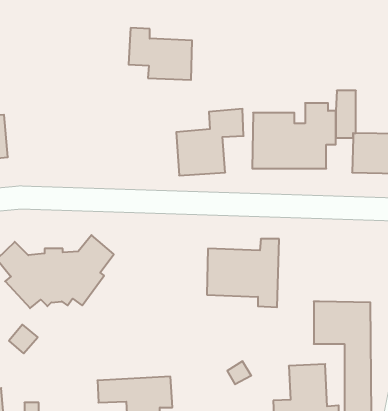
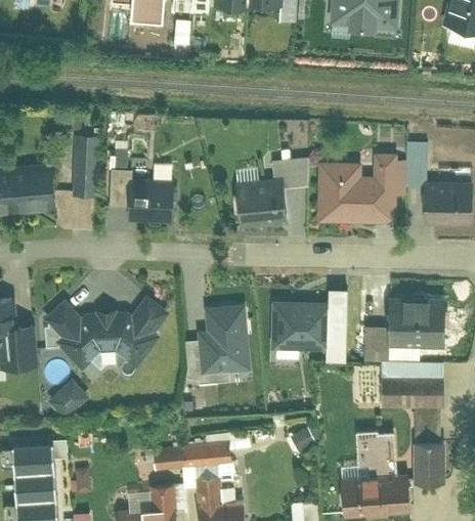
building: [129,28,192,80] -> [107,167,175,222]
building: none -> [72,137,92,194]
building: none -> [362,295,445,362]
building: none -> [182,303,250,383]

